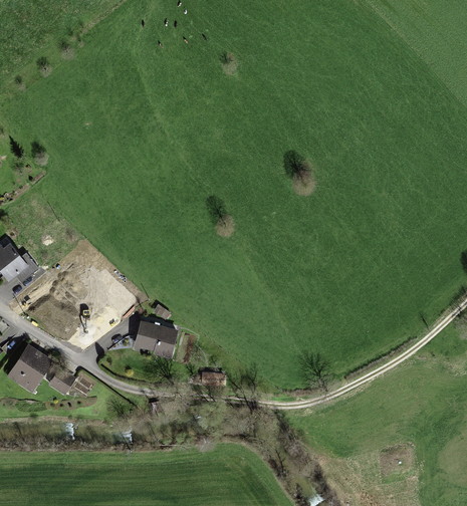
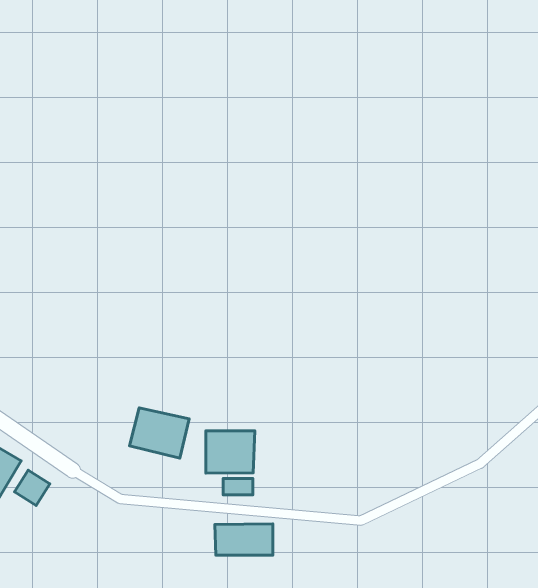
building: none -> [206,431,255,473]
building: none -> [215,524,273,555]

